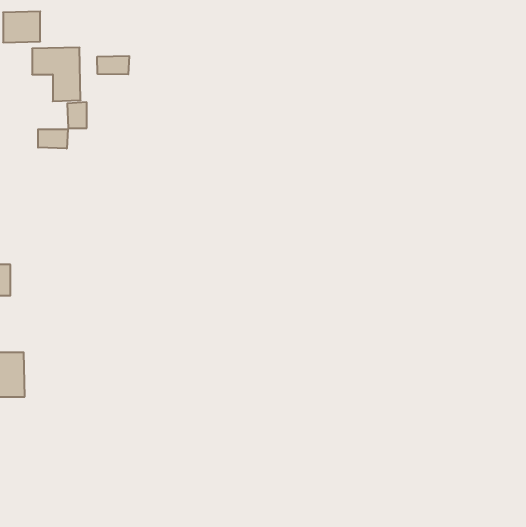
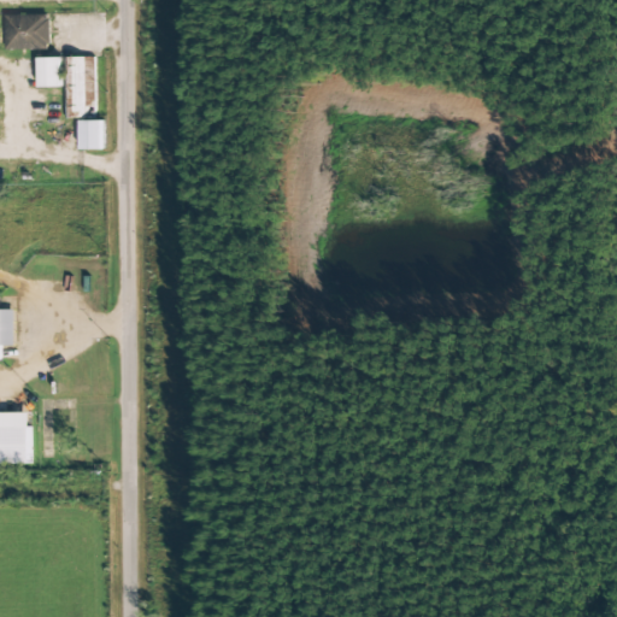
building: [97,56,129,74] -> none
building: [38,129,68,149] -> none

